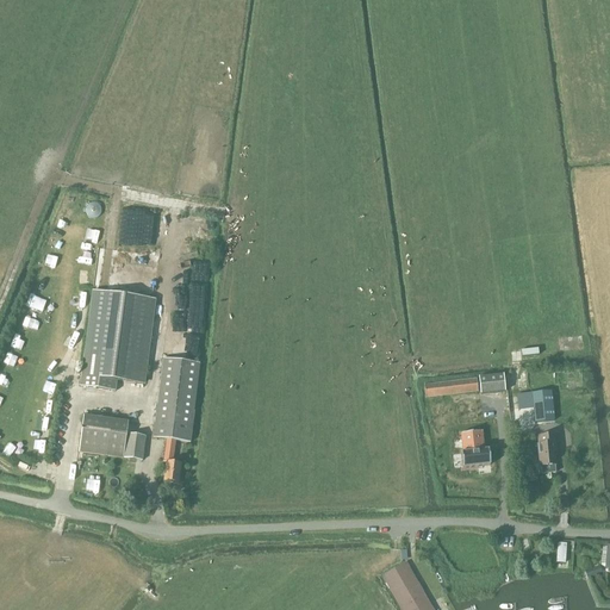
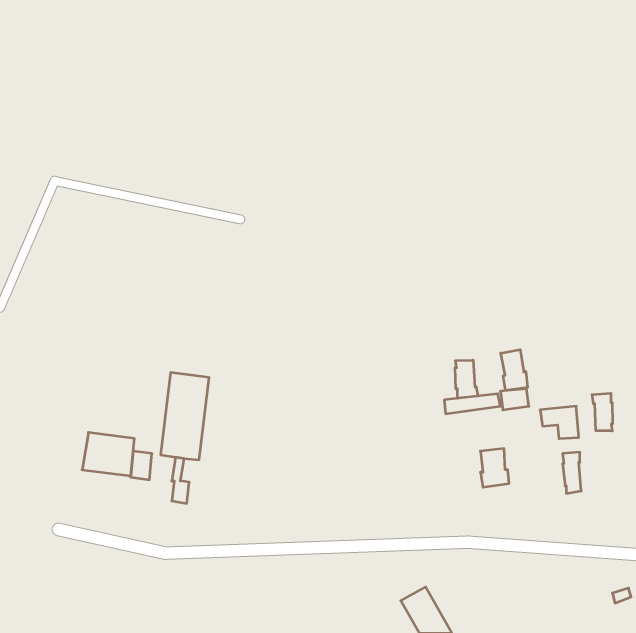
building: [81,288,154,388] -> none
building: none -> [501,350,528,390]
building: none -> [455,360,478,398]
building: none -> [592,393,613,431]

